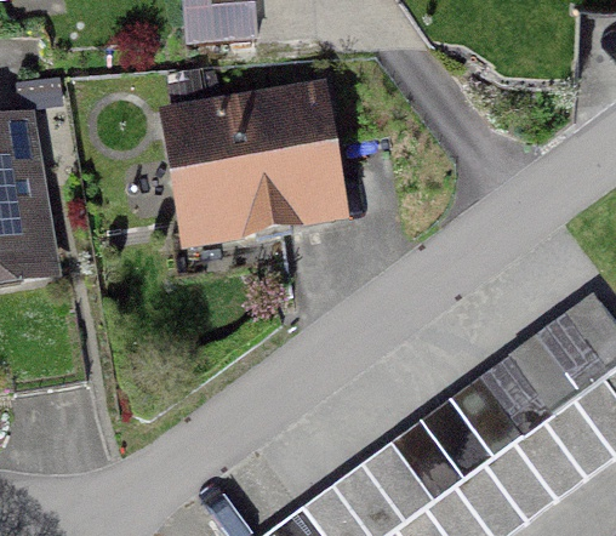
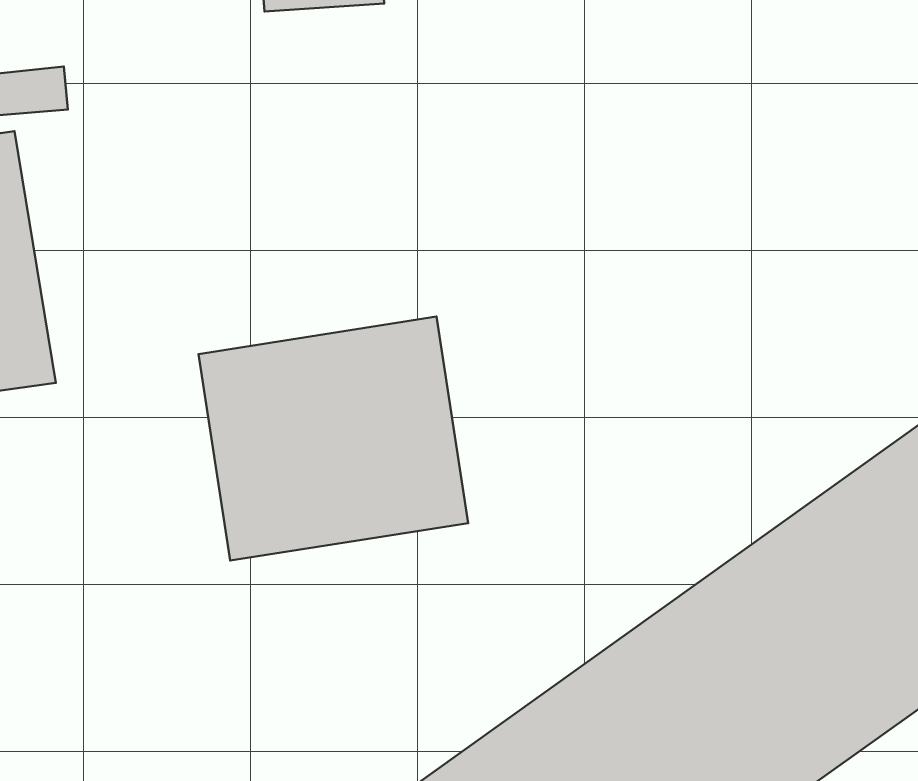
building: [171,91,337,241] -> [199,317,468,560]

